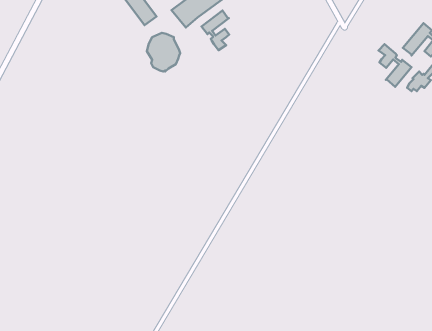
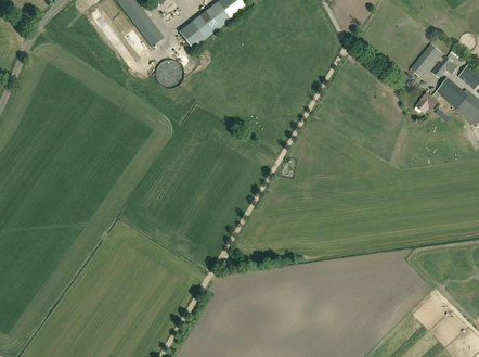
building: [201,10,229,50] -> none
building: [379,44,412,87] -> none

